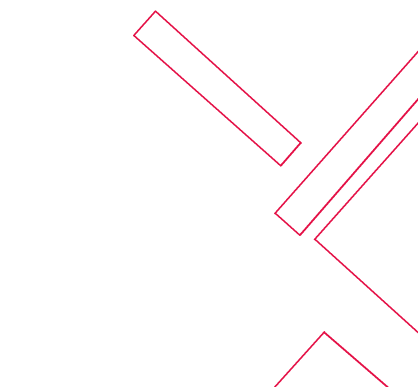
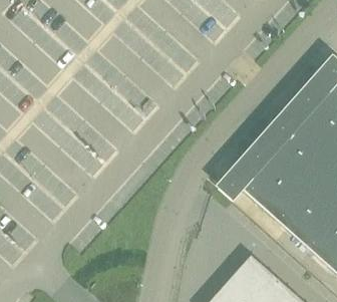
building: [134,11,301,166] -> none

